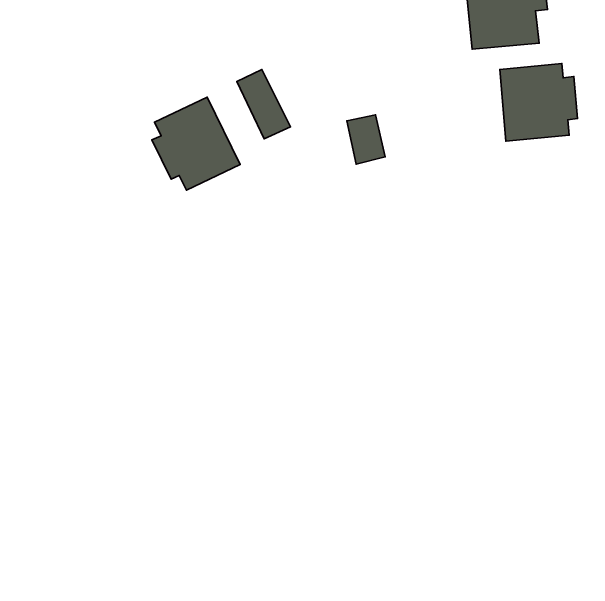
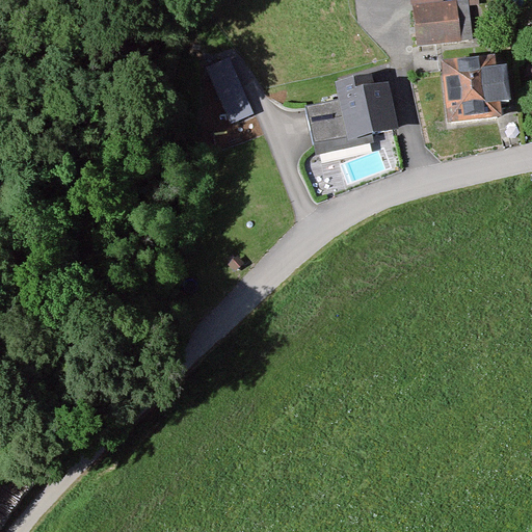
building: none -> [335,73,397,139]
building: [152,97,240,190] -> none

